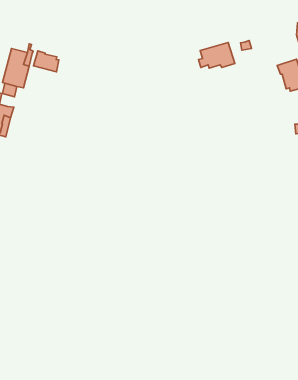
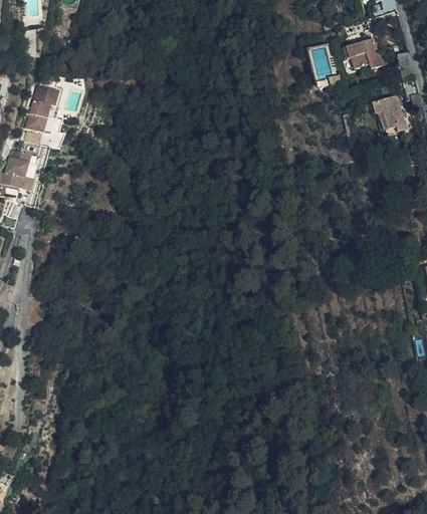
building: [199,42,235,68] -> [340,37,385,69]
building: [34,51,59,72] -> none

